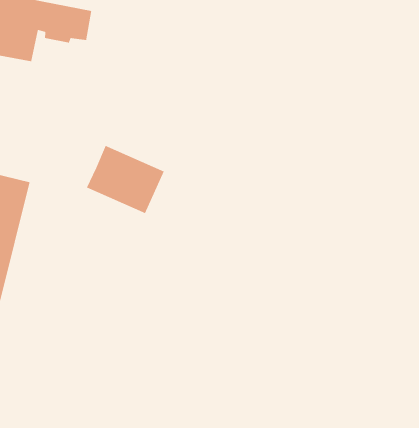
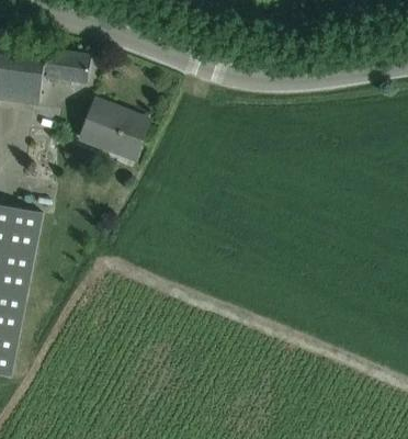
building: [86,145,165,214] -> [79,100,149,160]

